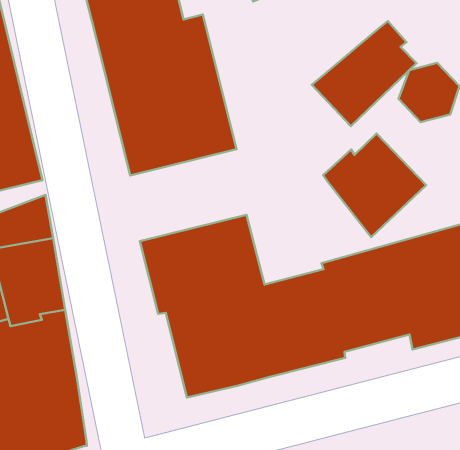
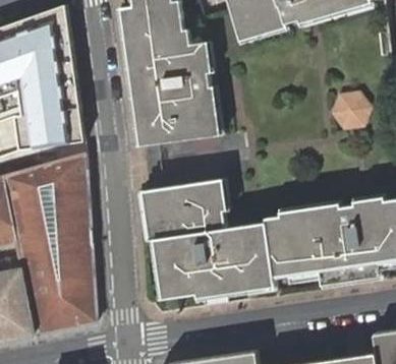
building: [312,21,416,126] -> none
building: [323,134,426,237] -> none

